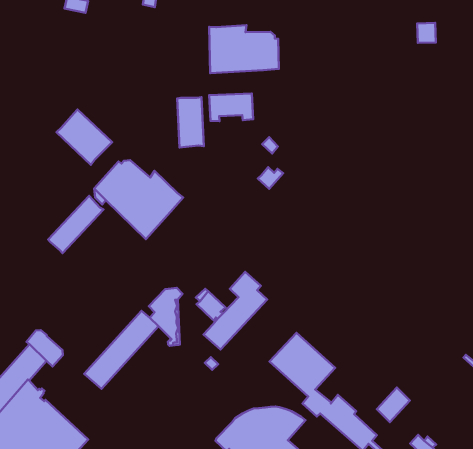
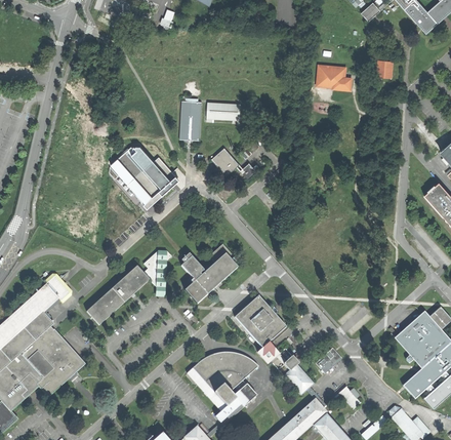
building: [209,25,279,73] -> none
building: none -> [315,66,350,91]
building: [56,110,112,165] -> none
building: none -> [210,148,238,175]
building: [48,196,104,253] -> none

